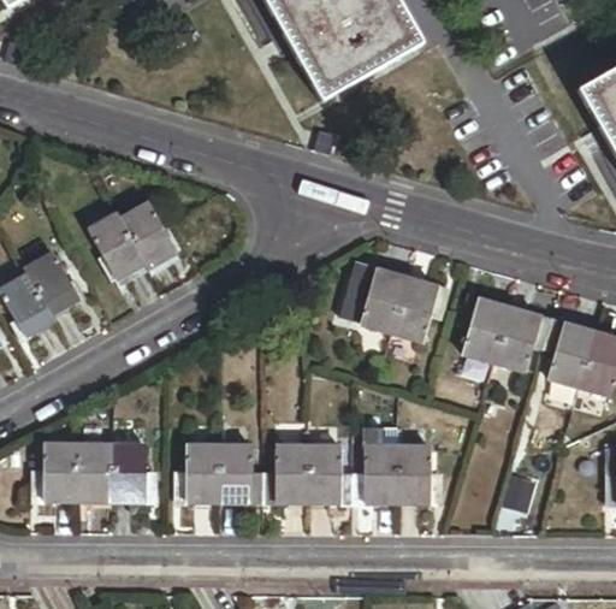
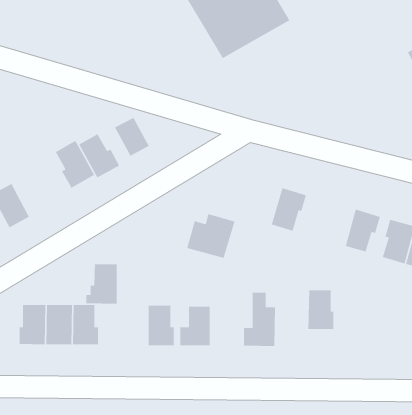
building: none -> [114,117,150,157]
building: [26,252,81,315] -> none
building: [339,267,408,331] -> [186,213,235,259]
building: [462,297,510,361] -> none
building: [176,443,220,501] -> [86,263,117,305]
building: [308,444,354,501] -> none
building: [398,445,436,502] -> [308,289,334,330]

